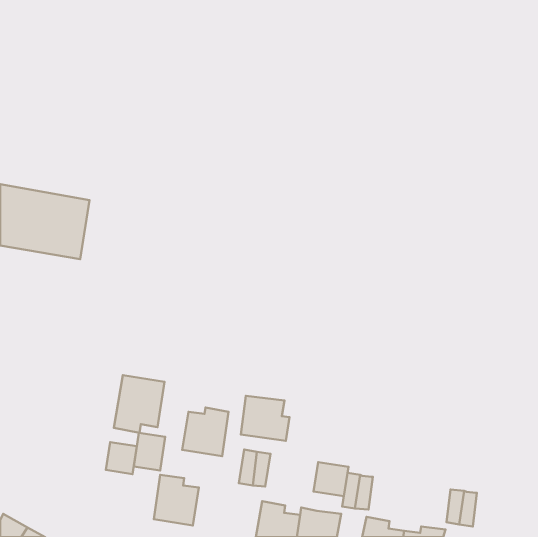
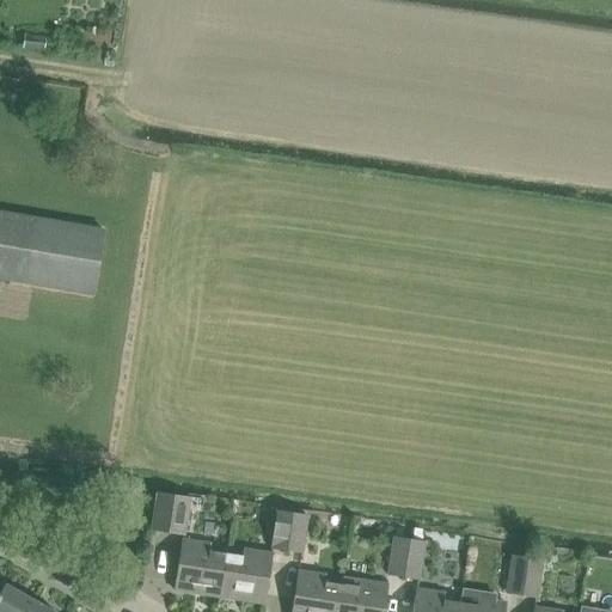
building: [114,375,164,433] -> none
building: [241,396,289,441] -> none
building: [182,408,229,456] -> [219,549,271,604]
building: [106,442,137,474] -> none
building: [314,462,348,496] -> none

